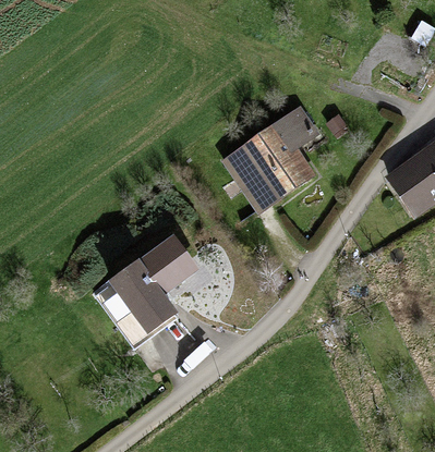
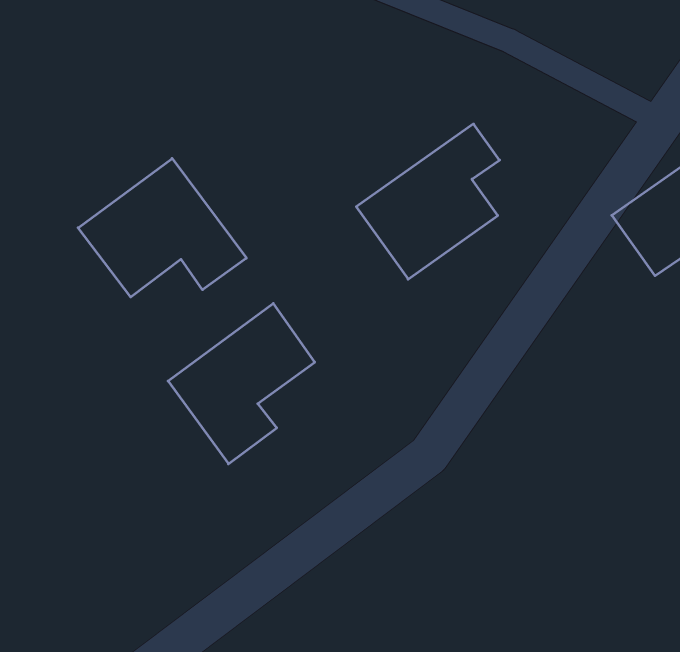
building: none -> [78,158,246,297]

